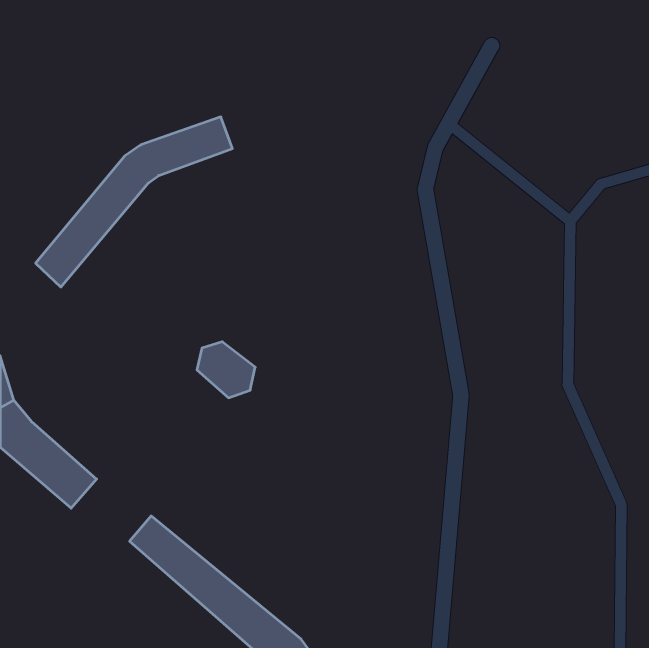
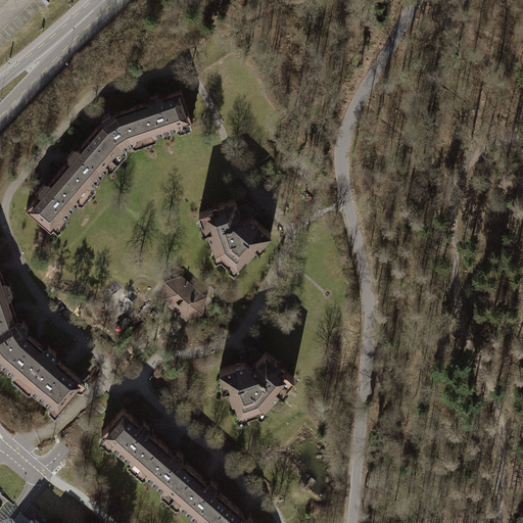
building: none -> [199,199,271,267]
building: none -> [220,351,294,414]

